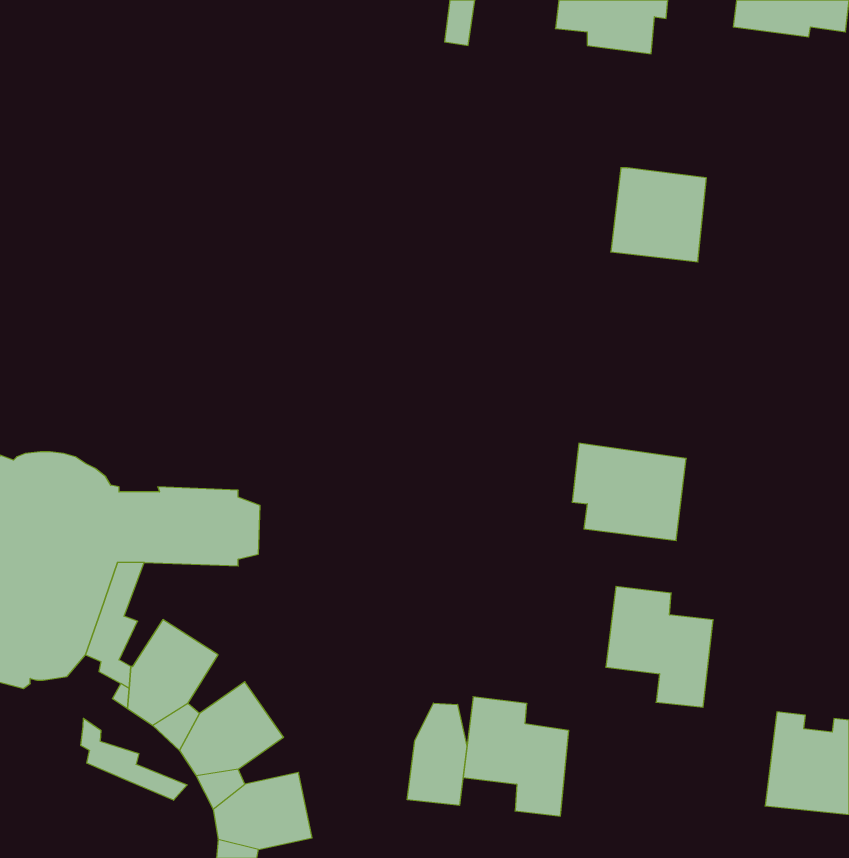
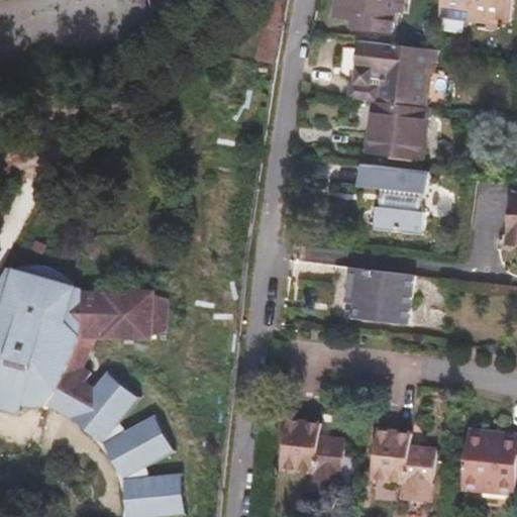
building: none -> [349,40,435,107]
building: none -> [358,163,429,234]
building: [606,586,713,707] -> [370,429,434,502]
building: [407,703,467,805] -> none
building: [81,718,187,800] -> none

